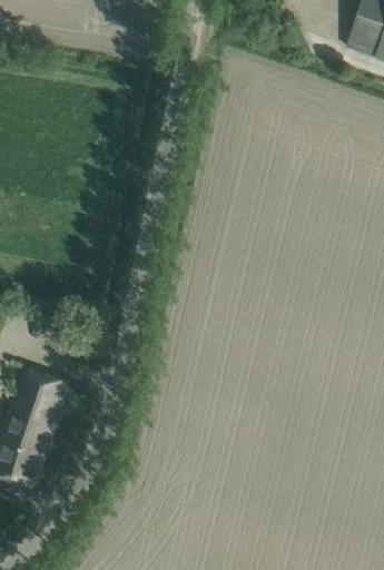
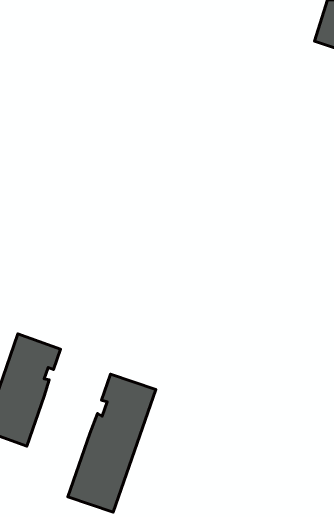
building: none -> [68,374,156,512]

